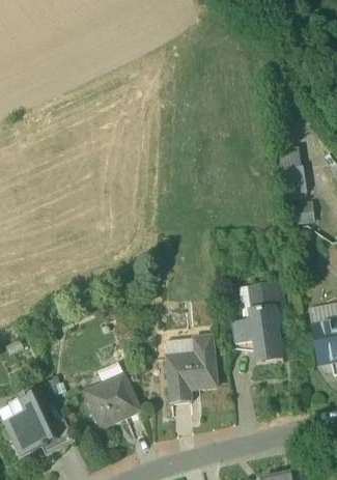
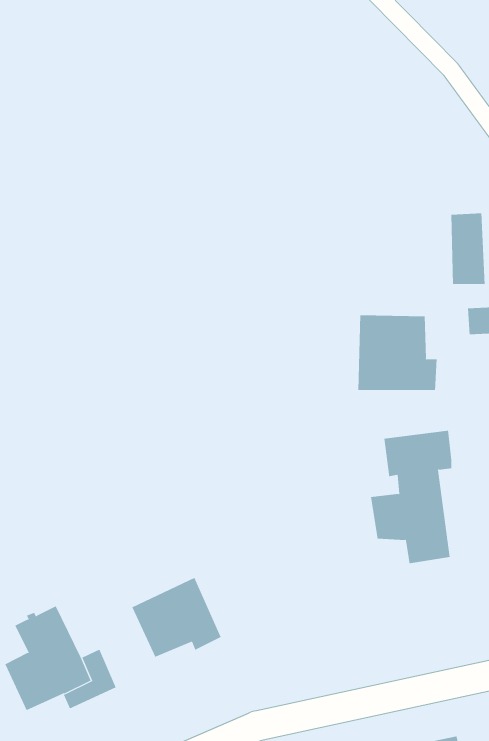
building: none -> [358,314,437,391]
building: [166,336,217,403] -> none

